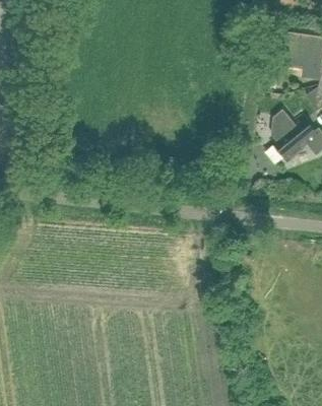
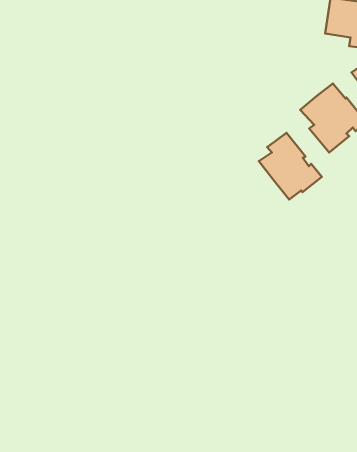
building: none -> [259,133,322,200]

